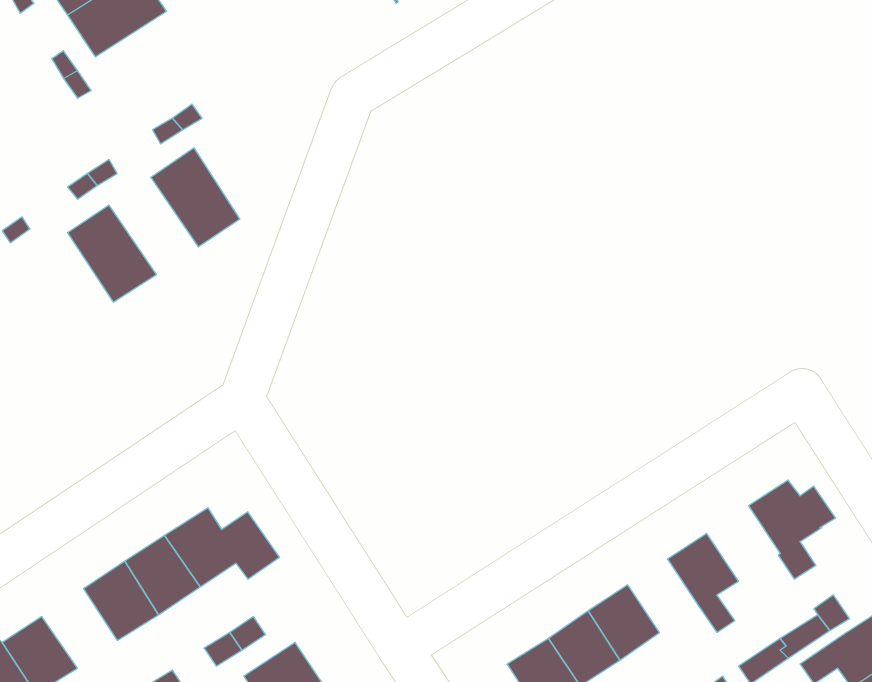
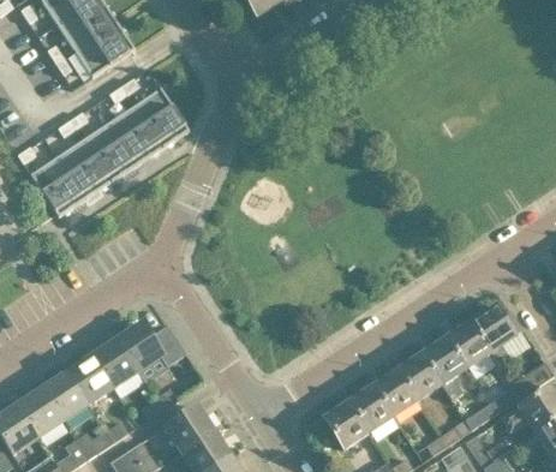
building: none -> [74,22,136,77]
building: none -> [134,88,190,148]
building: none -> [83,123,137,181]
building: none -> [30,156,85,216]
building: none -> [446,322,490,368]
building: none -> [397,354,441,399]
building: none -> [42,372,88,420]

